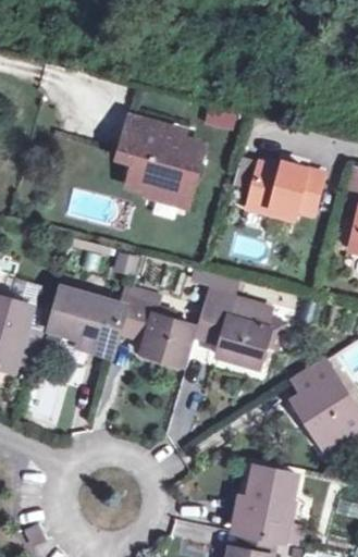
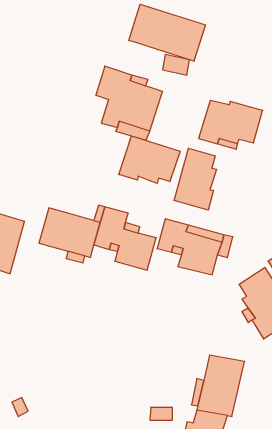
building: none -> [129,4,205,61]
building: none -> [119,136,180,183]
building: none -> [174,148,217,210]

